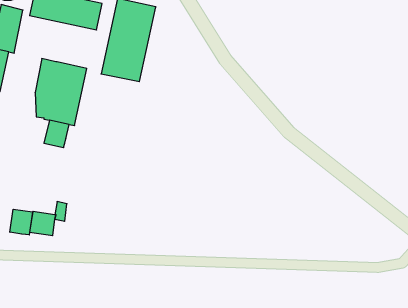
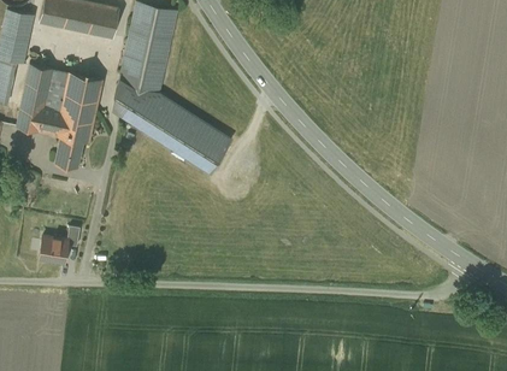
building: none -> [17,65,53,134]
building: none -> [113,87,231,172]
building: [10,209,33,235] -> none

